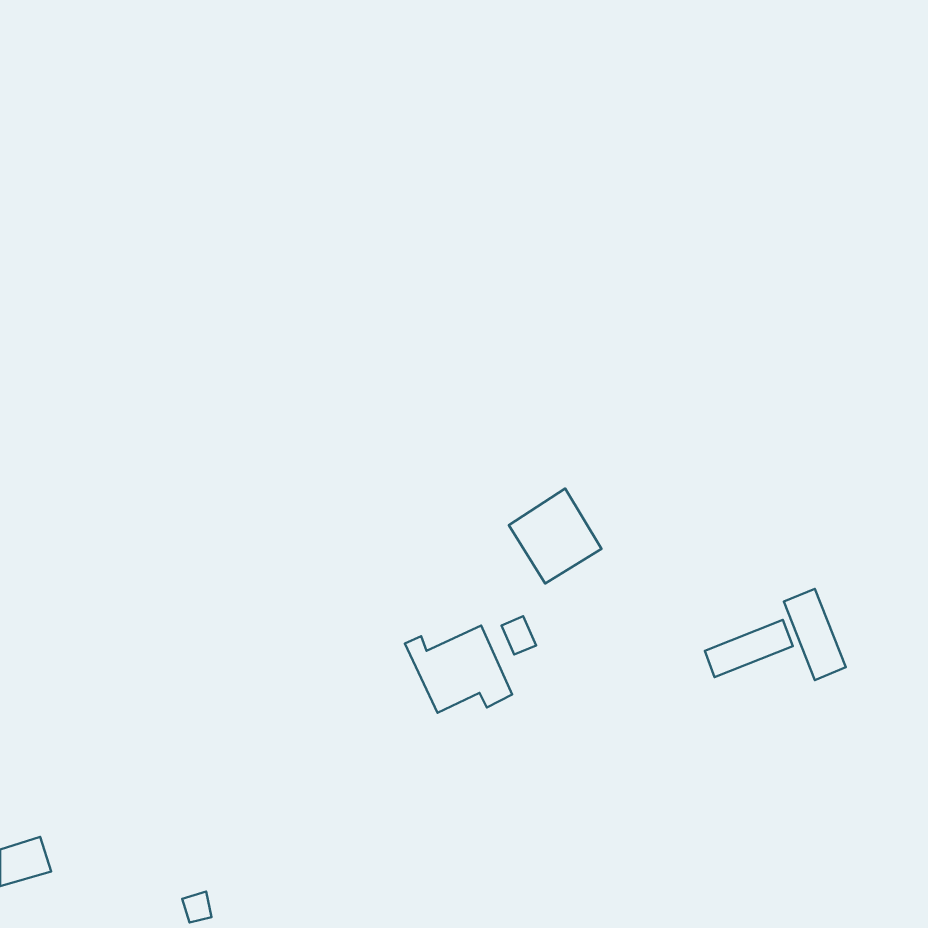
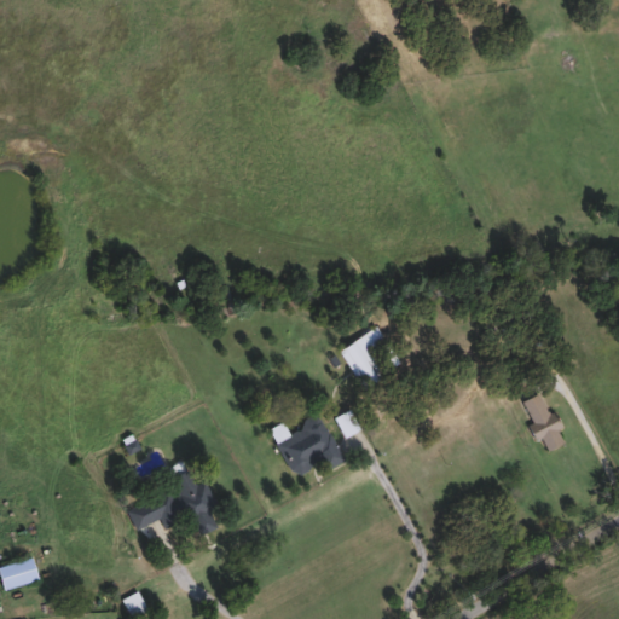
building: [705,620,793,677] -> none
building: none -> [135,469,219,530]

